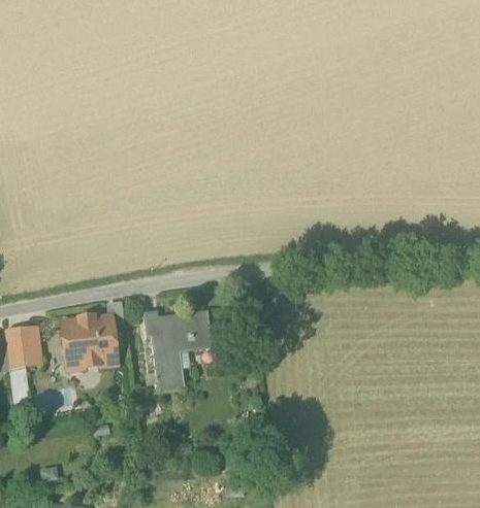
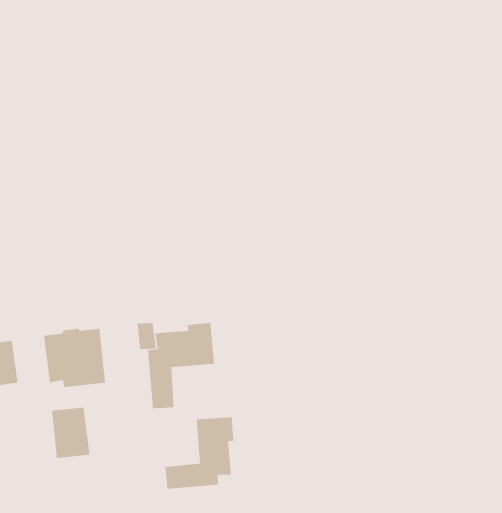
building: none -> [51,407,90,459]
building: none -> [165,416,234,489]

